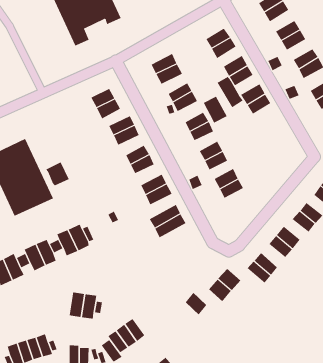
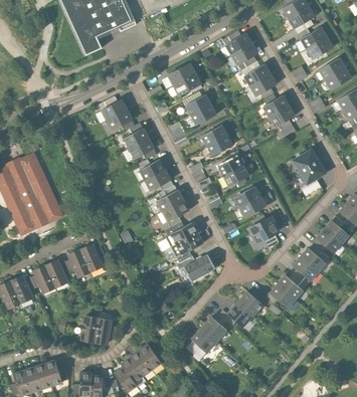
building: [217,76,243,108] -> none
building: [203,96,228,124] -> none
building: none -> [292,147,327,185]
building: [45,162,69,186] -> none
building: none -> [248,214,282,242]
building: none -> [183,252,216,281]
building: none -> [192,327,218,361]

